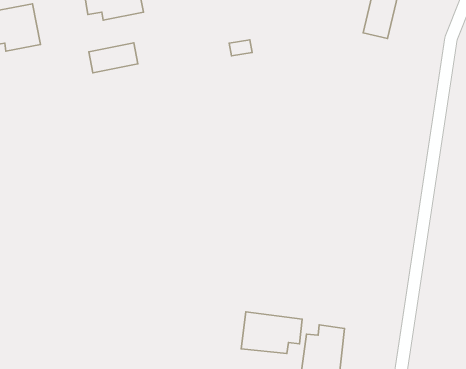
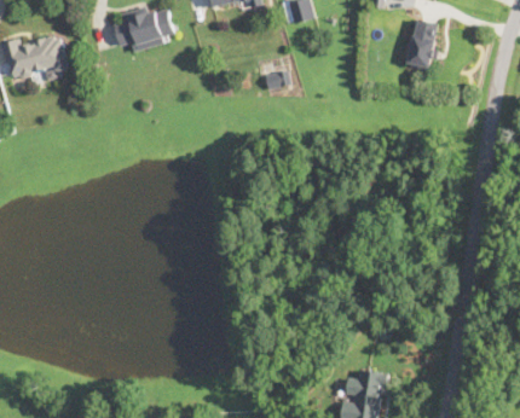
building: [89,43,138,73] -> none
building: [241,312,302,354] -> none

